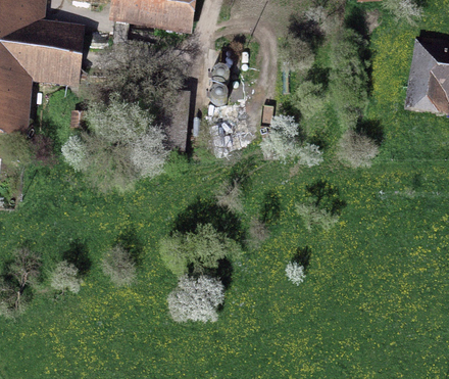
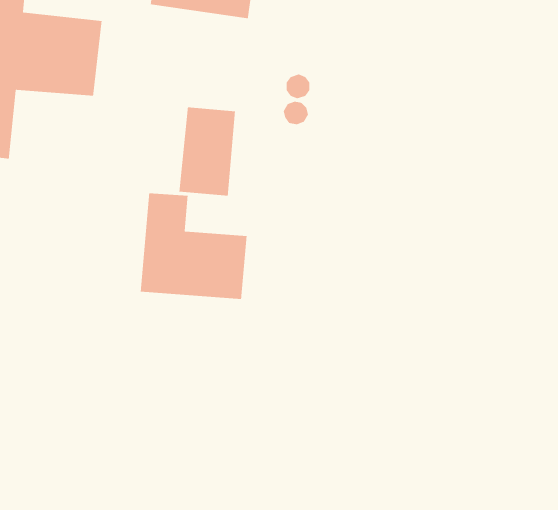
building: none -> [140,192,248,300]

